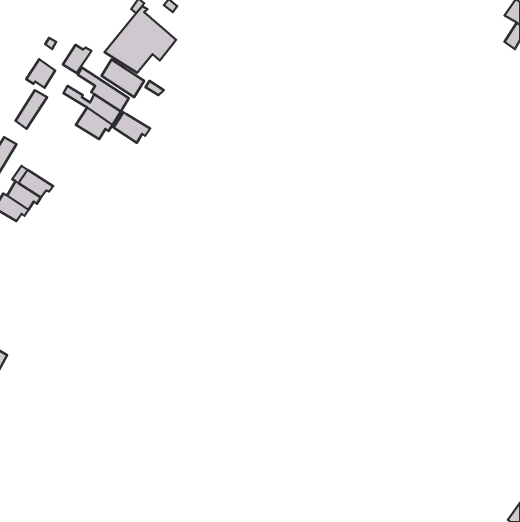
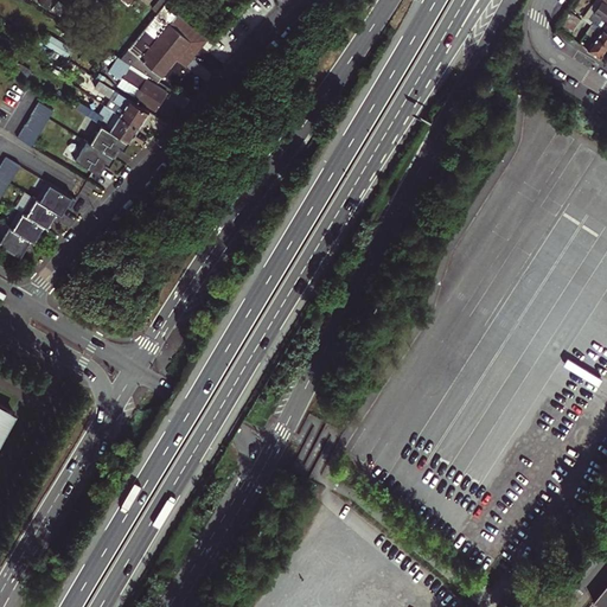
building: [63,45,91,73] -> none
building: [26,59,55,88] -> none
building: [113,112,150,143] -> [72,142,115,178]
building: none -> [36,184,75,216]

